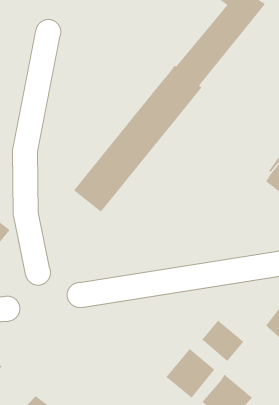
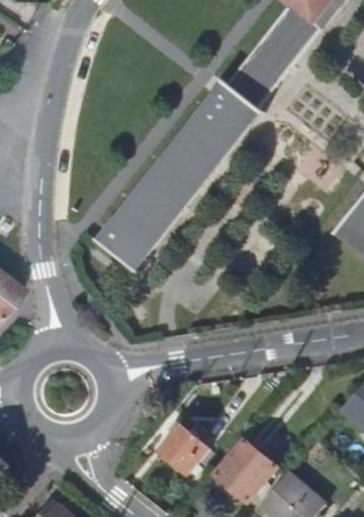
building: [202,320,244,362] -> none
building: none -> [160,424,208,473]

